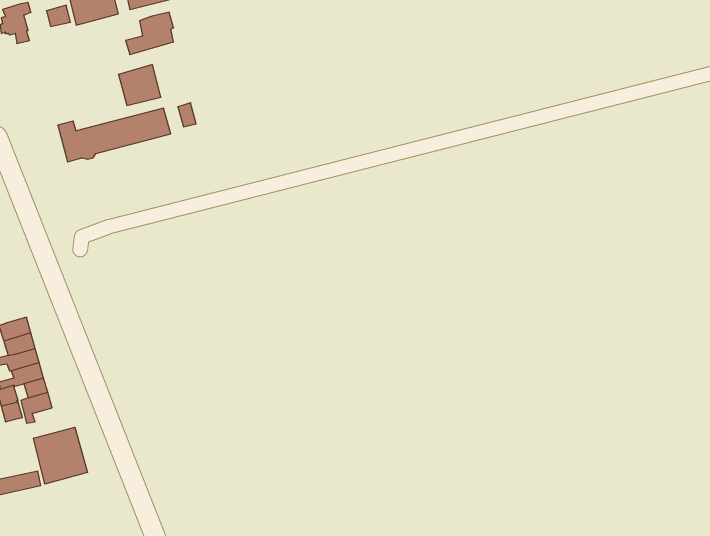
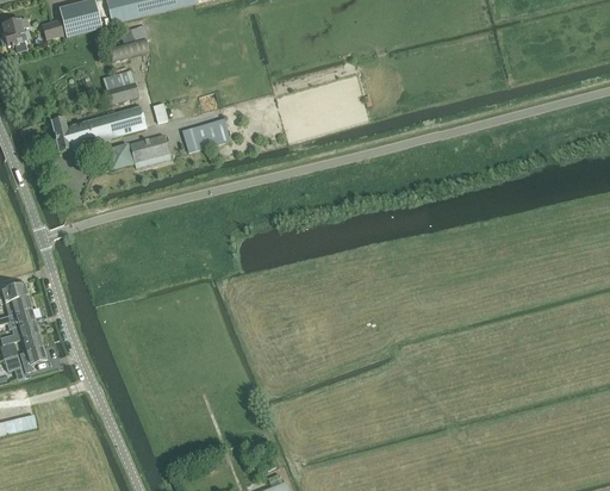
building: none -> [182,117,231,150]
building: none -> [130,133,170,167]
building: [34,427,88,484] -> none

